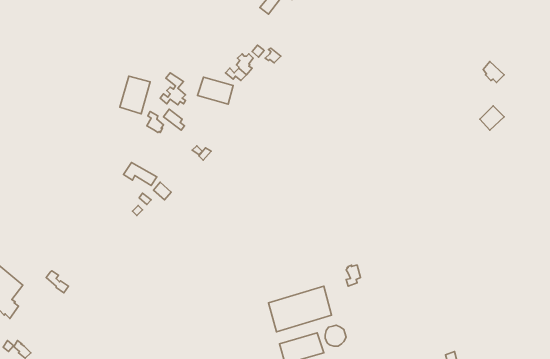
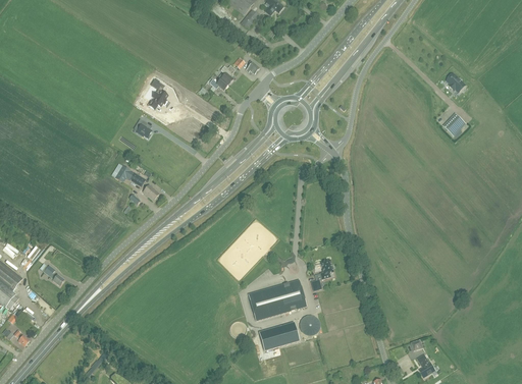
building: [120,76,150,114] -> none
building: [198,77,233,104] -> none

